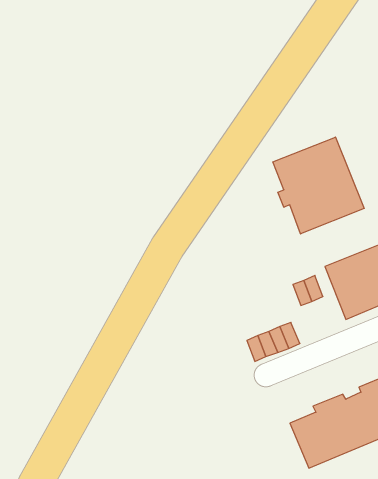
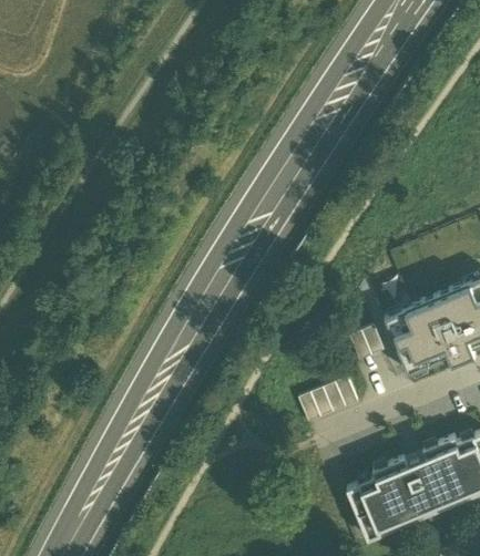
building: [273,137,364,234] -> none

